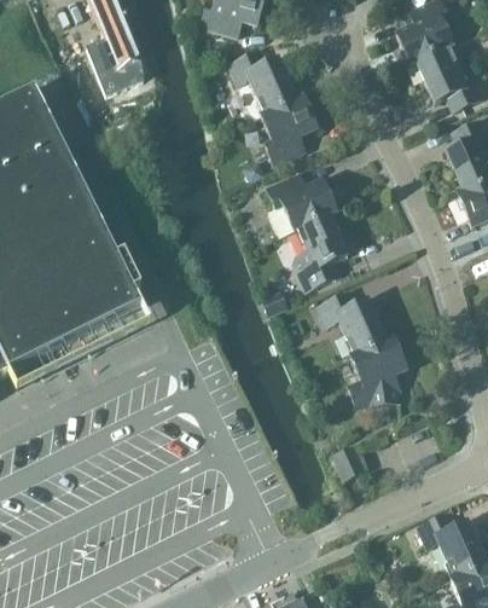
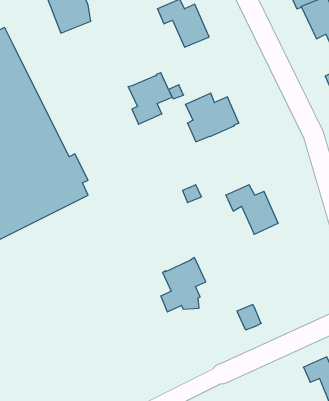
building: [261,97,318,163] -> [128,73,172,124]
building: [294,212,348,290] -> none
building: [349,337,407,407] -> [161,258,206,312]

